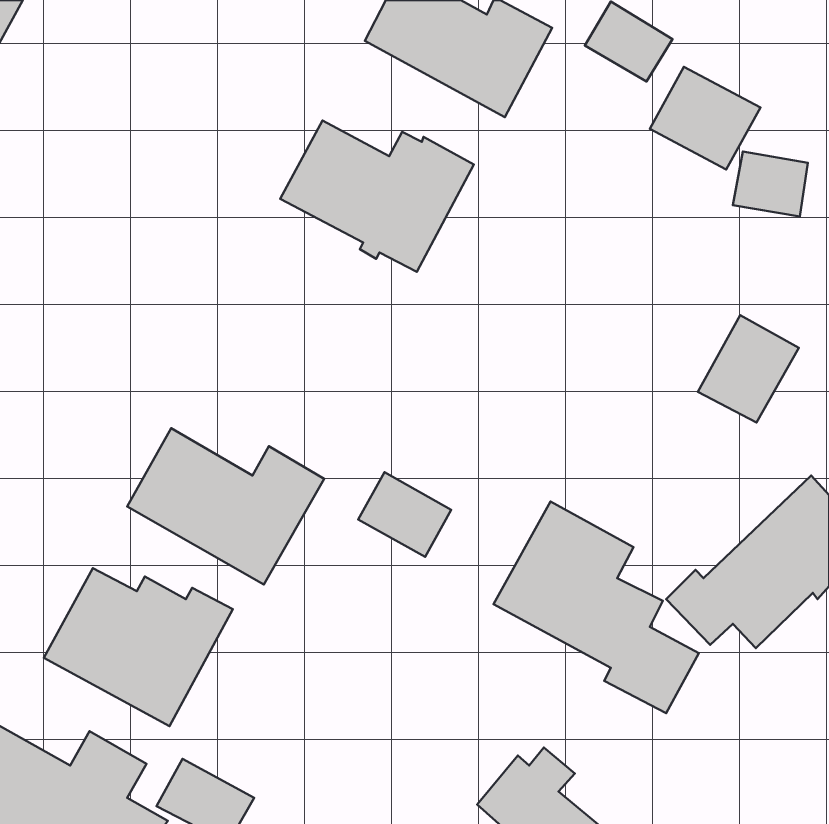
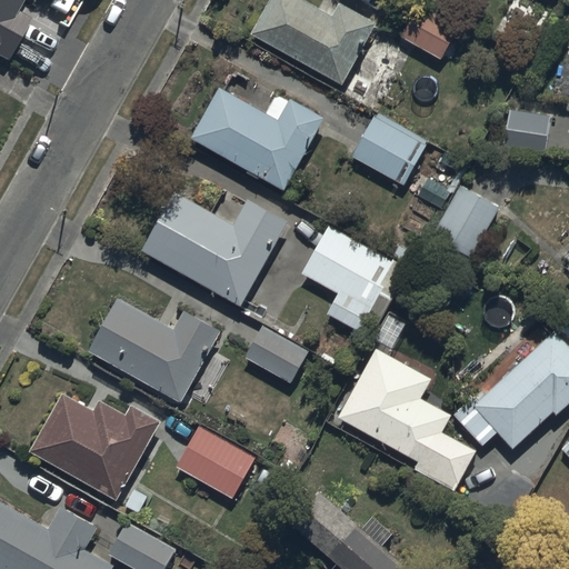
building: [650,67,760,169] -> [351,116,427,186]
building: none -> [139,190,287,307]
building: [698,315,799,423] -> [429,184,498,258]
building: none -> [300,227,417,335]
building: none -> [174,427,256,500]

